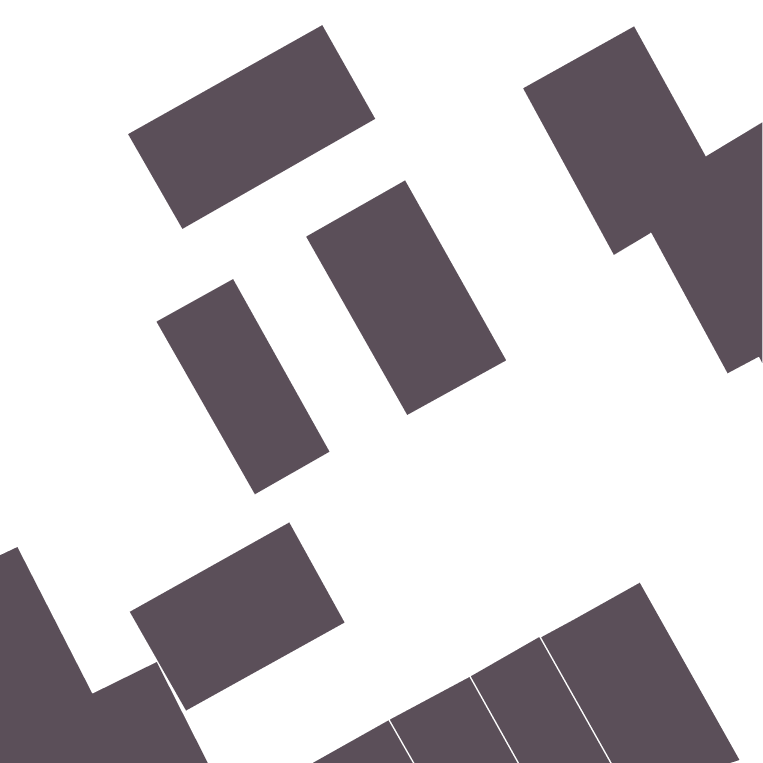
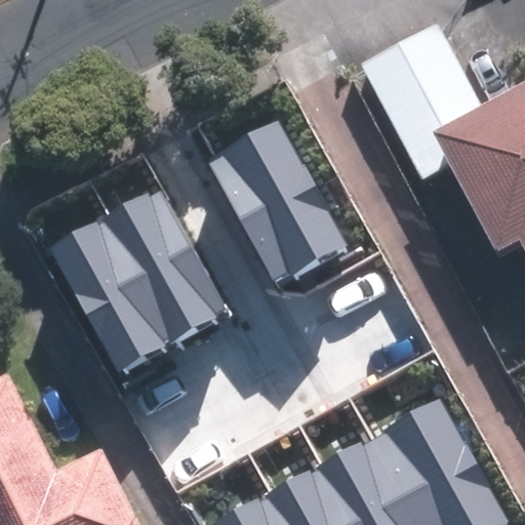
building: [127,24,376,230] -> none
building: none -> [51,221,174,371]
building: [129,522,346,712] -> none

